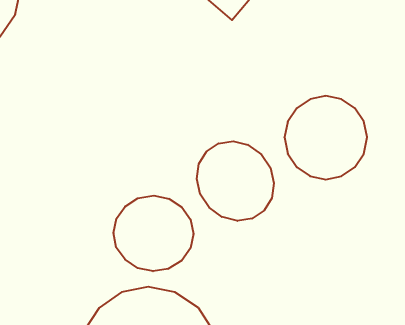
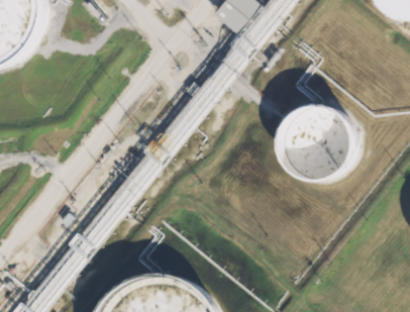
building: [197,141,274,221] -> none
building: [114,196,193,271] -> none

